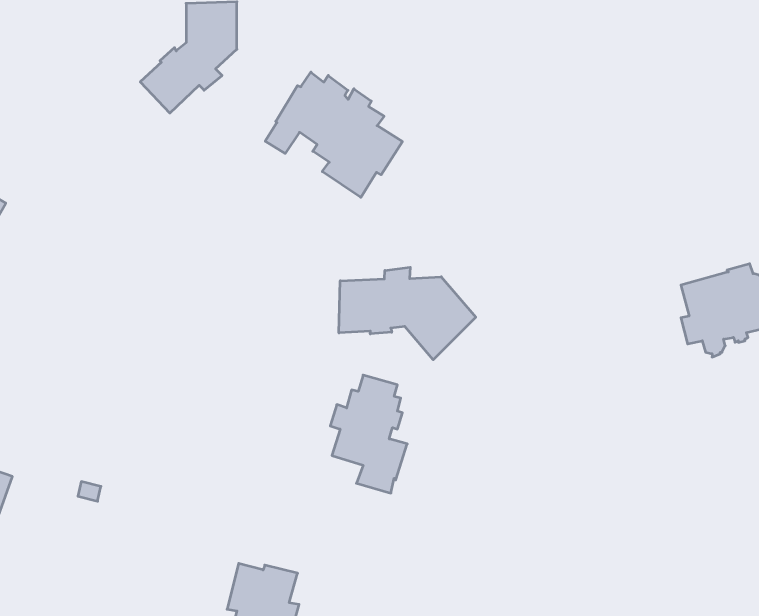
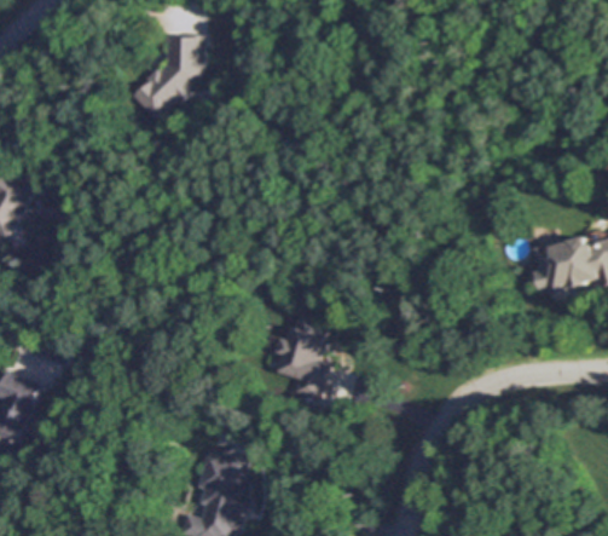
building: [265,72,402,197] -> none
building: [339,267,476,360] -> none

